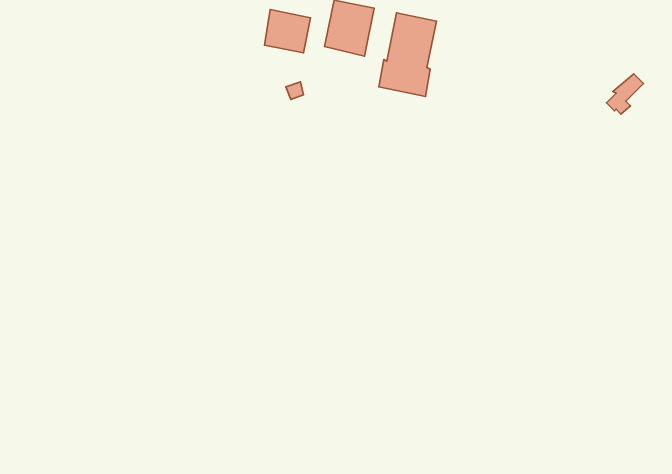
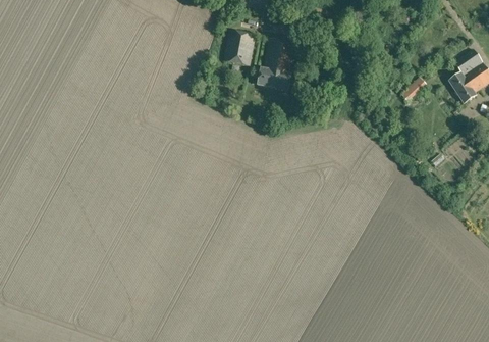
building: [264,10,310,53] -> none

